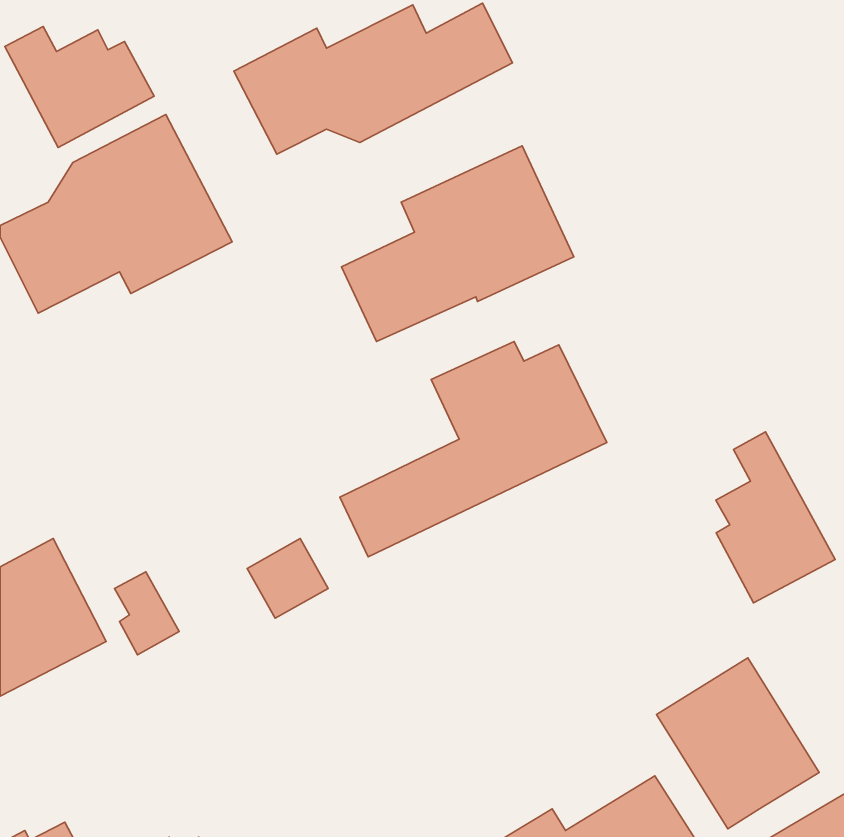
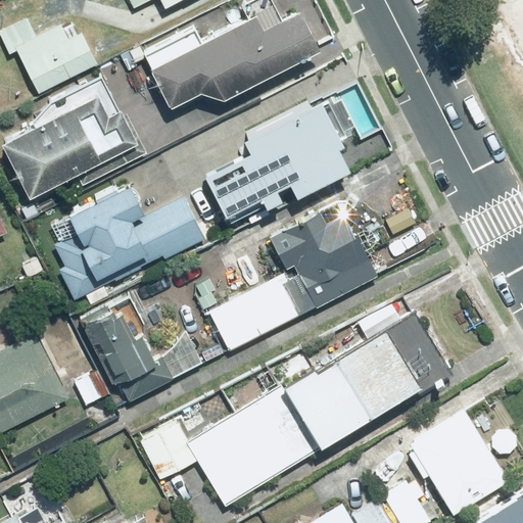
building: none -> [50,186,209,310]
building: [716,432,835,603] -> none
building: none -> [79,305,154,386]
building: none -> [138,306,450,506]

